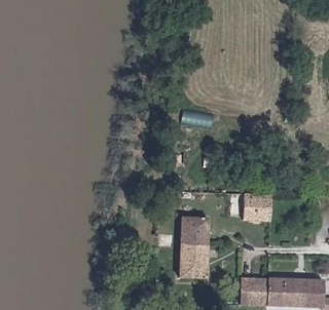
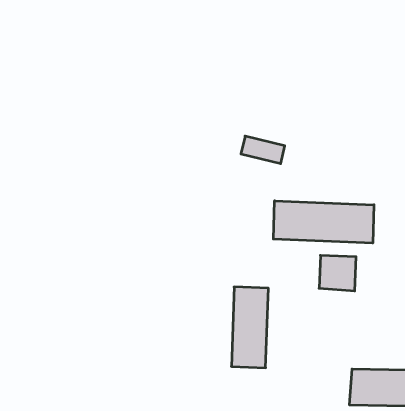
building: none -> [273,201,374,243]
building: [241,278,269,305] -> none

